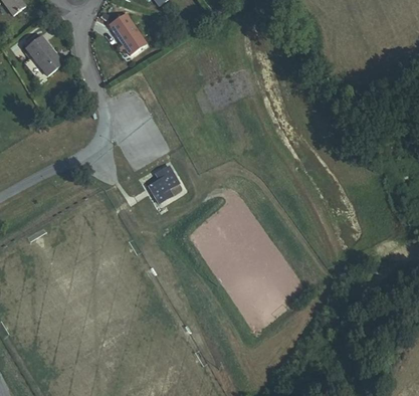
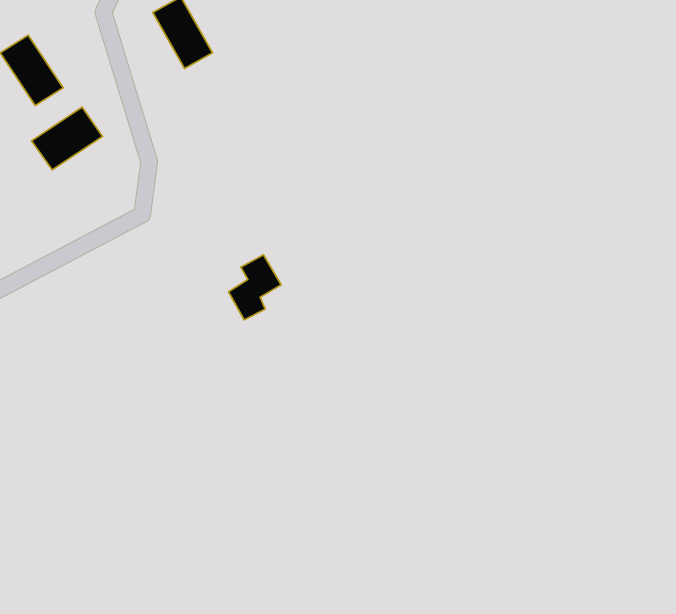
building: none -> [32,107,103,170]

